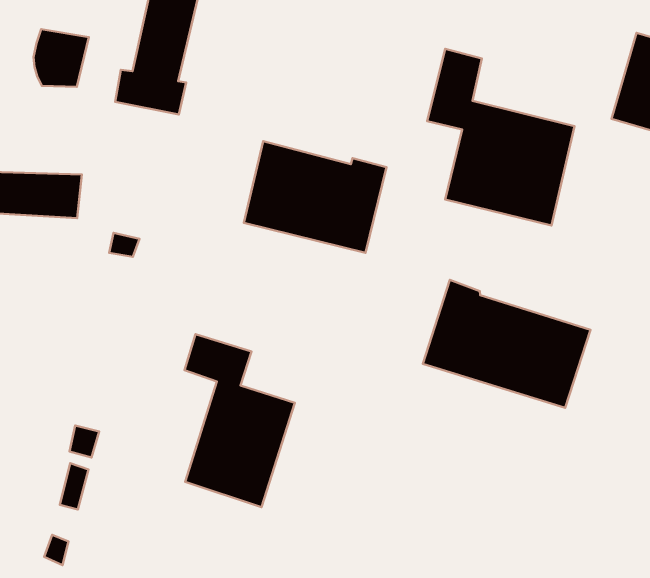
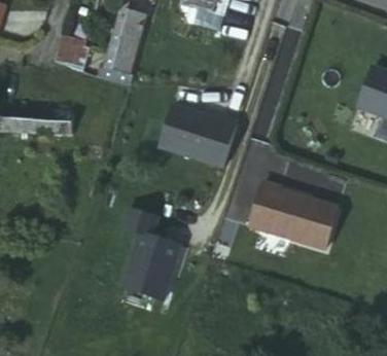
building: [427,49,575,225] -> none

